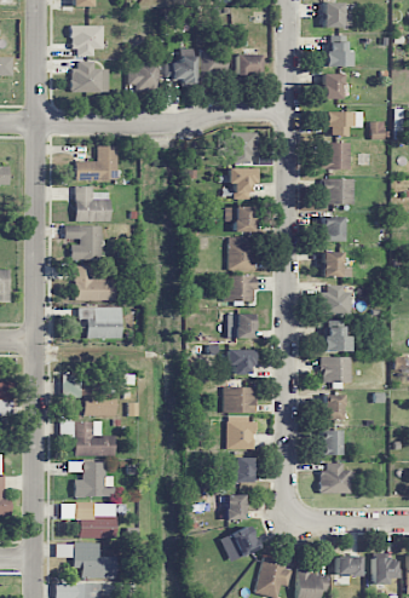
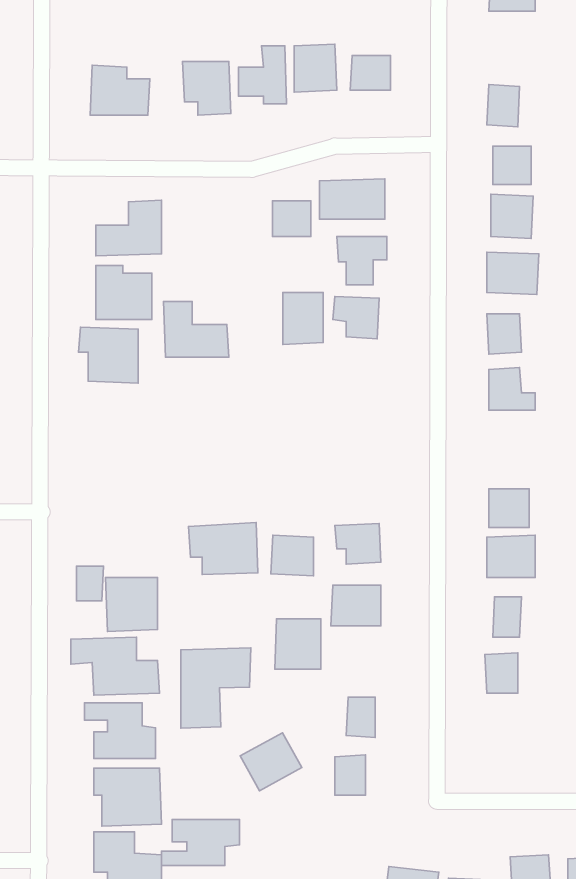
building: [73,25,104,57] -> none
building: [322,36,350,67] -> none
building: none -> [272,201,311,237]
building: [229,237,254,270] -> [283,292,323,344]
building: [75,265,116,300] -> [163,301,229,357]
building: [224,276,255,301] -> none
building: [326,287,352,315] -> none
building: [79,306,122,339] -> [189,523,258,575]
building: [227,314,254,339] -> [271,535,313,576]
building: [226,418,255,449] -> [275,619,321,669]
building: none -> [181,648,251,728]
building: [322,465,351,494] -> none
building: [220,525,259,562] -> [240,733,302,791]
building: none -> [162,820,240,866]

